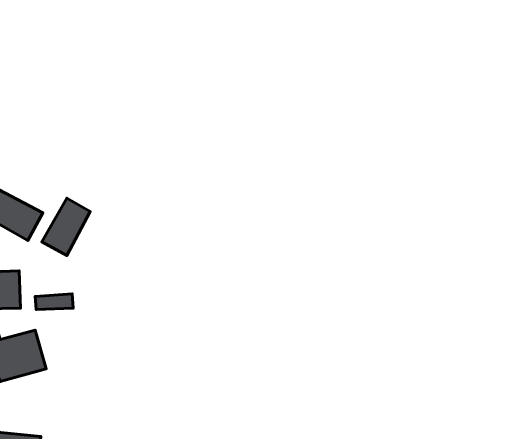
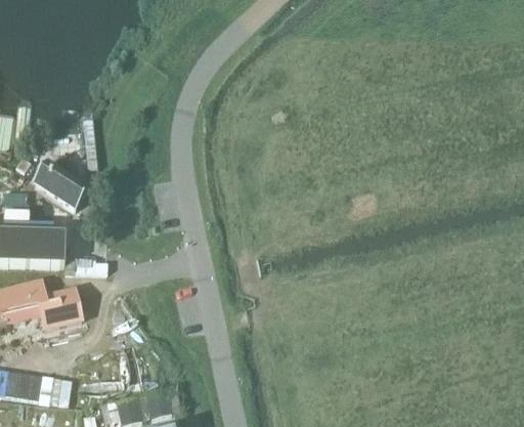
building: [42,198,90,256] -> none

